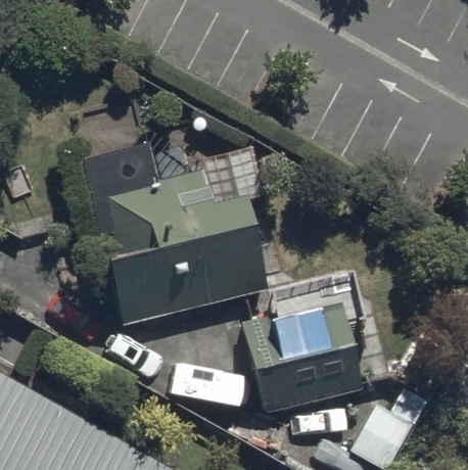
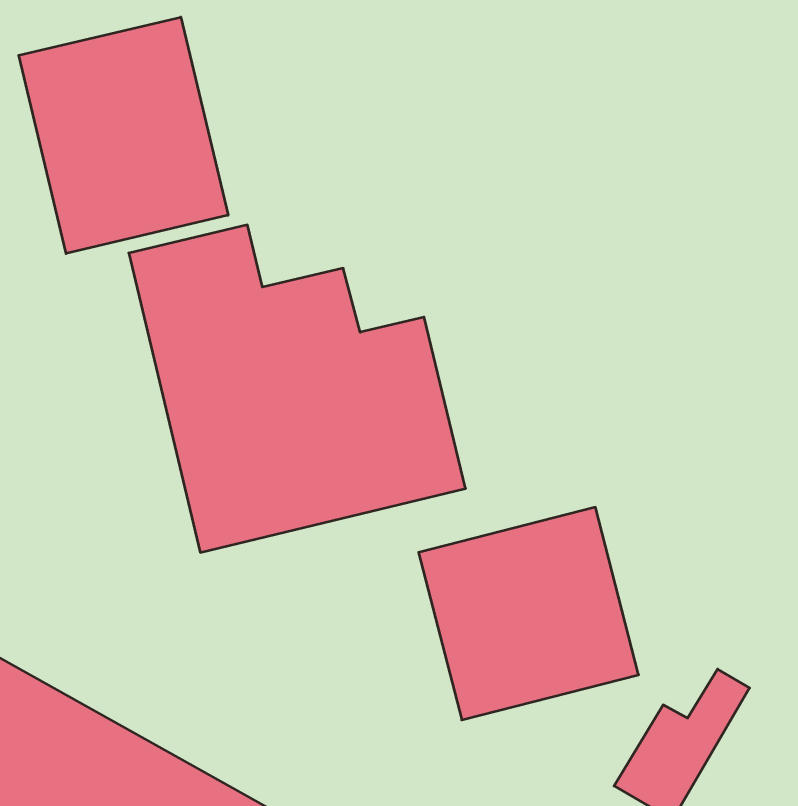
building: none -> [19,17,228,254]

